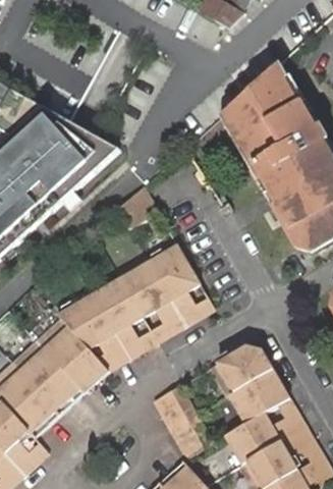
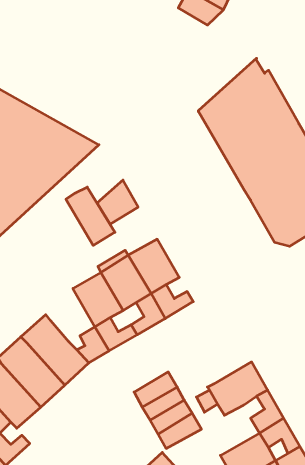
building: none -> [66,187,115,245]
building: [58,294,114,348] -> none
building: [212,345,273,394] -> none
building: [225,413,281,464] -> none

